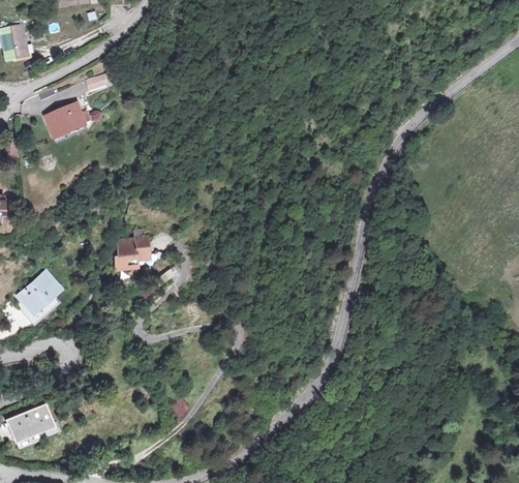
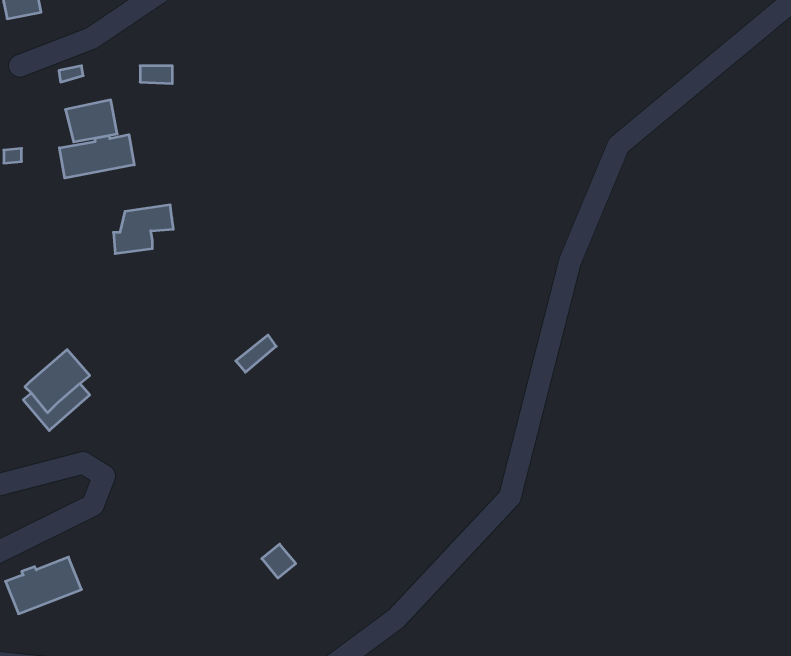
building: none -> [59,135,134,178]
building: [113,236,151,267] -> [113,205,173,254]

